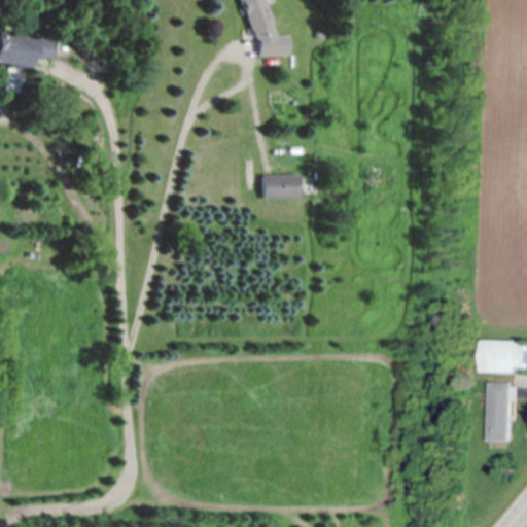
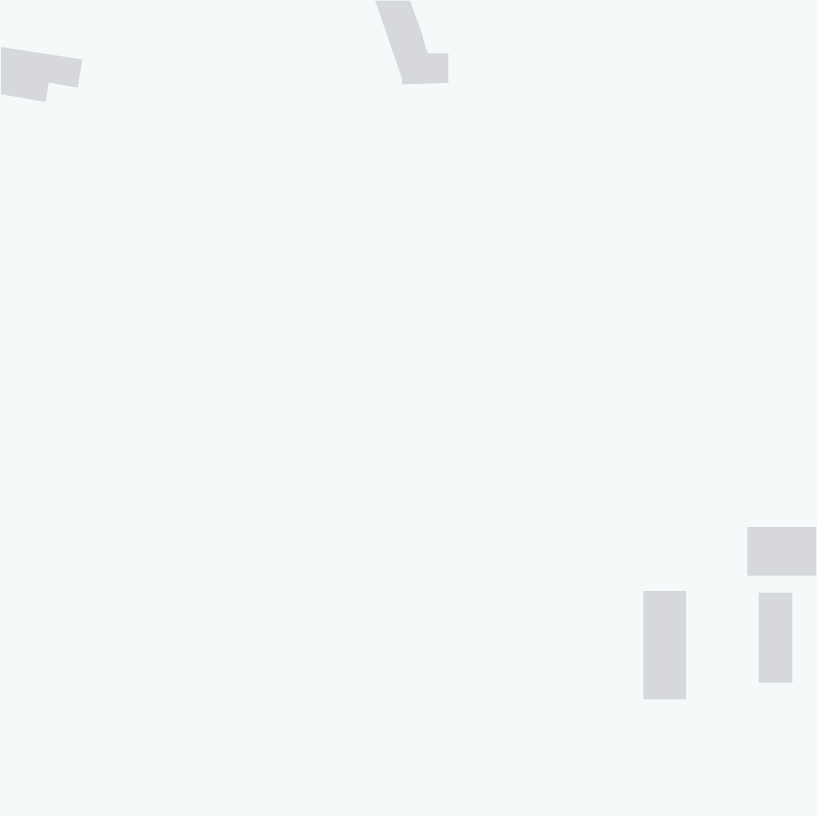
building: [262,175,300,198] -> none
building: none -> [643,590,687,700]

